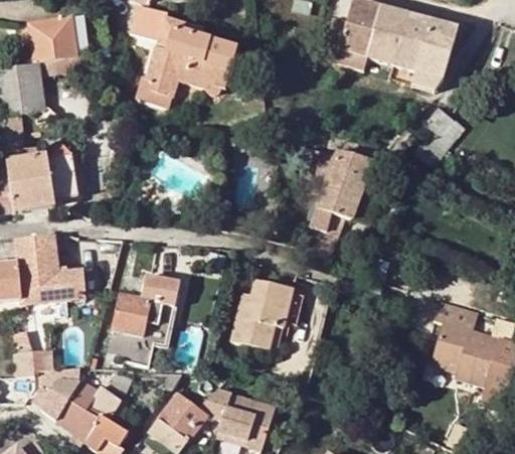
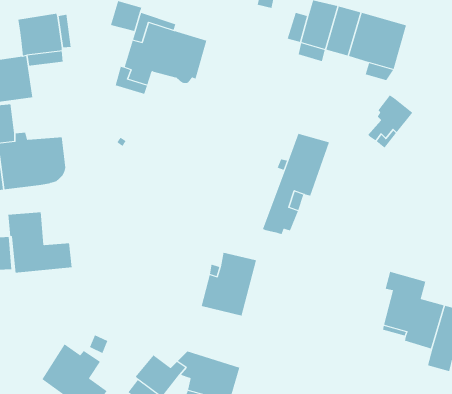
building: [112,275,178,364] -> none
building: [14,350,52,375] -> none
building: [31,379,80,419] -> none

